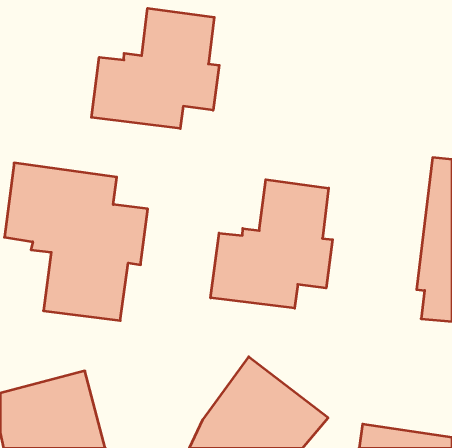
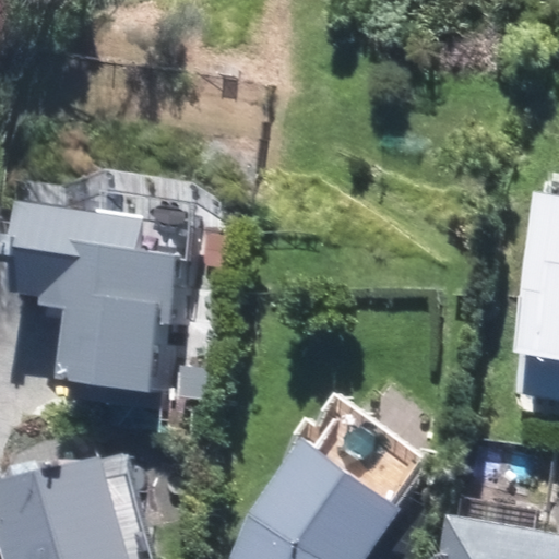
building: [91,8,219,129] -> none
building: [211,180,333,308] -> none

